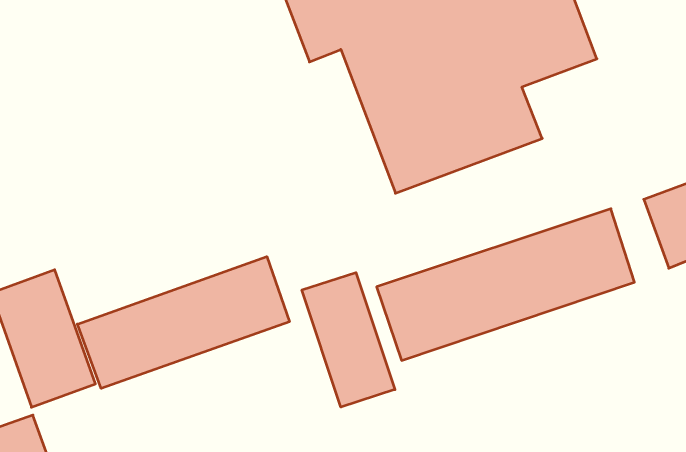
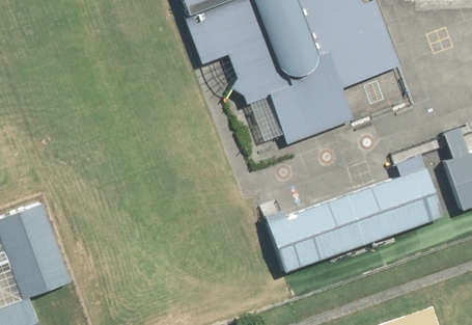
building: [77,257,289,388] -> none
building: [302,273,395,407] -> none

